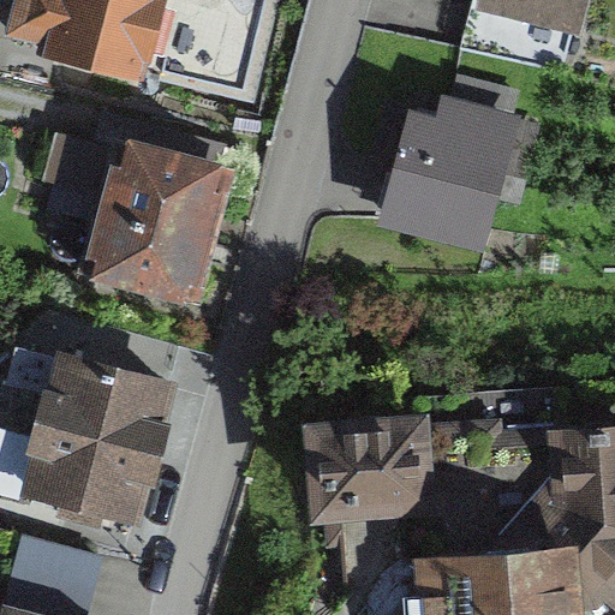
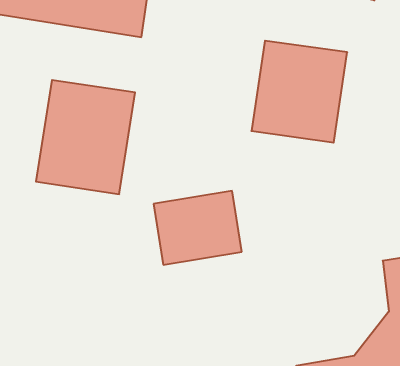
building: [23,346,168,509] -> none
building: [305,420,423,515] -> [154,191,242,265]

